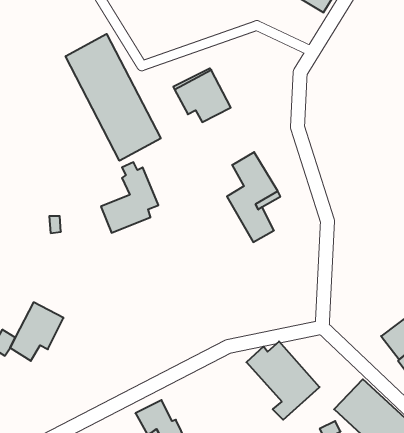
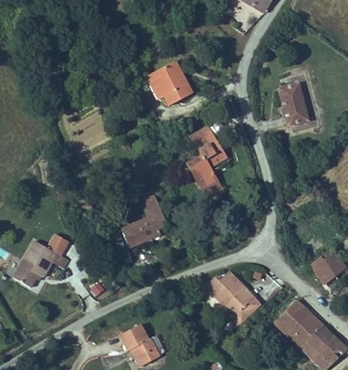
building: [66,34,161,161] -> none
building: none -> [279,85,307,125]
building: [101,162,158,233] -> [122,190,167,245]

